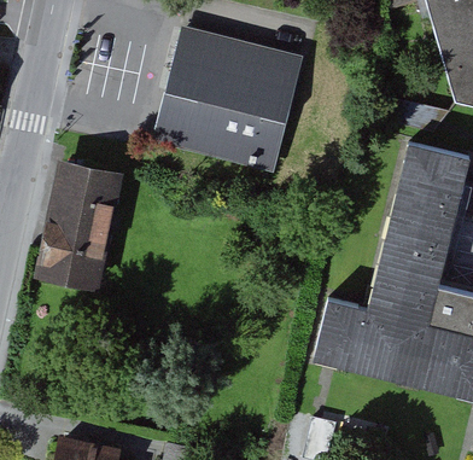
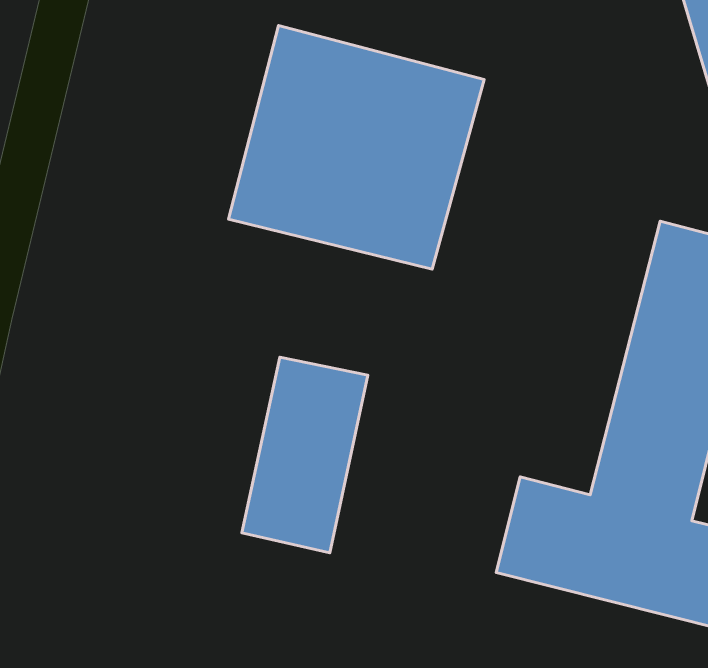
building: [40,165,116,284] -> [242,357,368,553]

